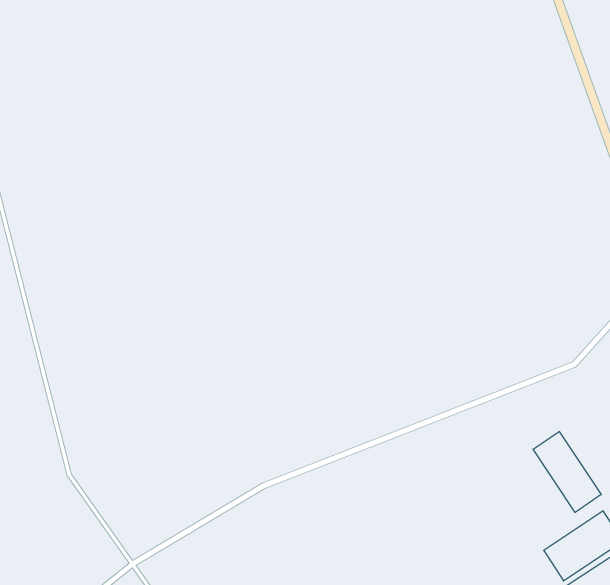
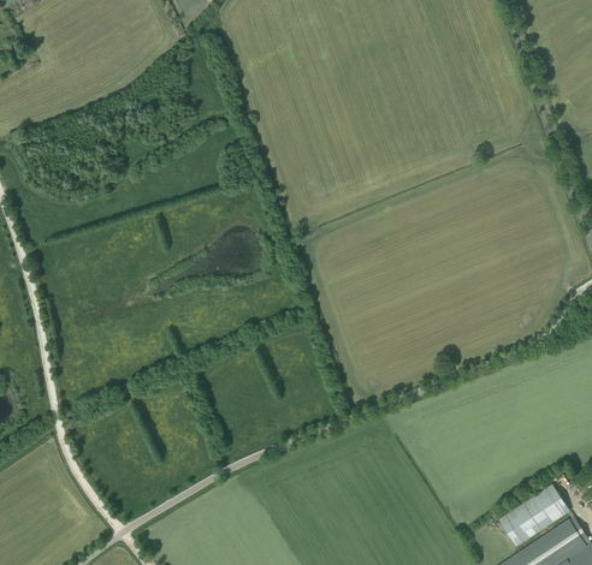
building: [533,431,601,512] -> none

